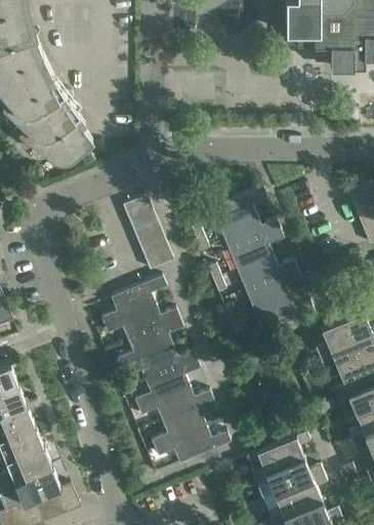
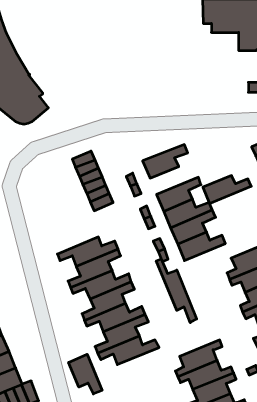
building: [219,214,280,249] -> [203,176,251,203]
building: [99,275,166,324] -> none
building: none -> [156,259,197,323]
building: none -> [69,354,102,394]

